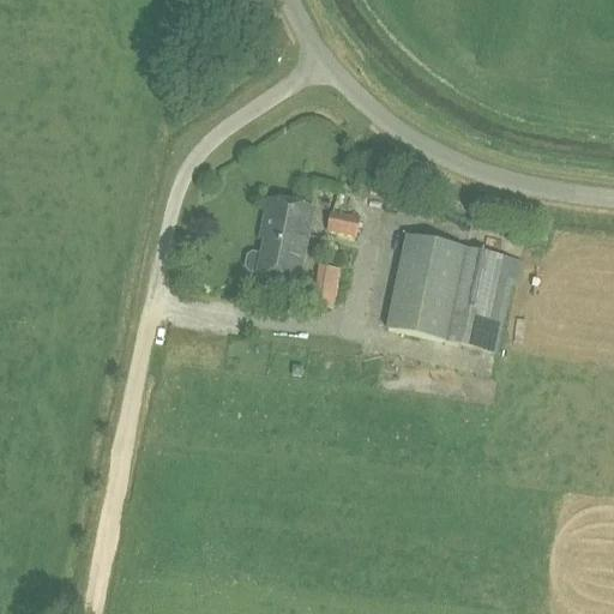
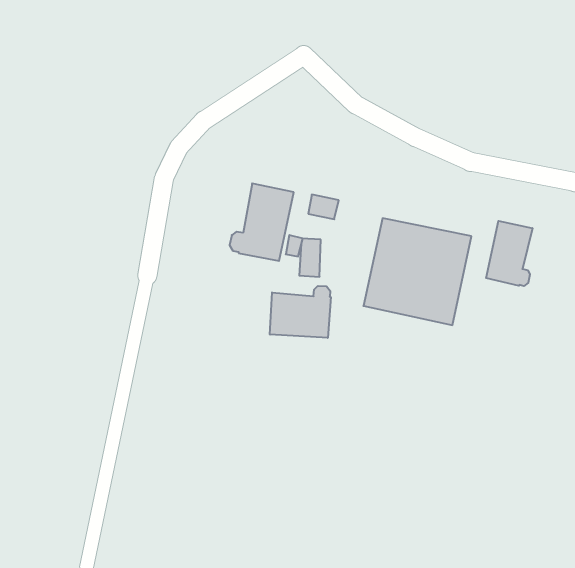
building: none -> [486,221,532,286]
building: none -> [270,286,331,338]

